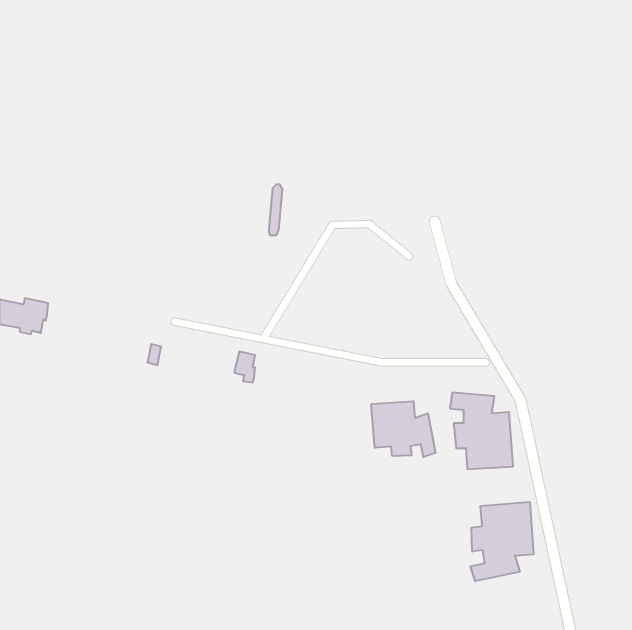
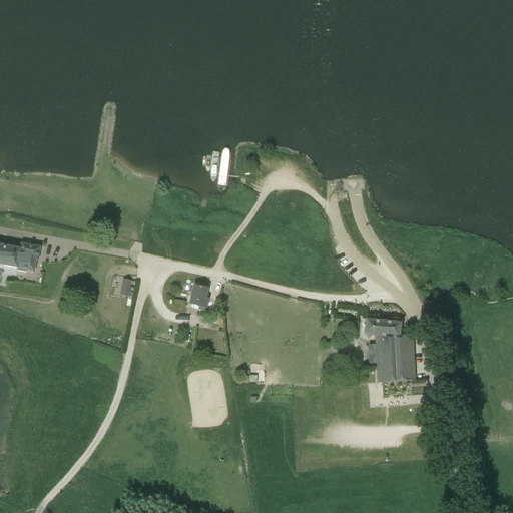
building: [371,401,436,457] -> none
building: [470,502,533,581] -> none

